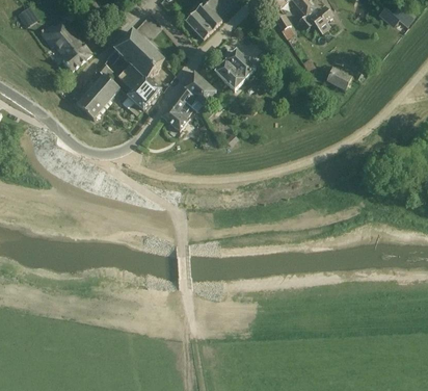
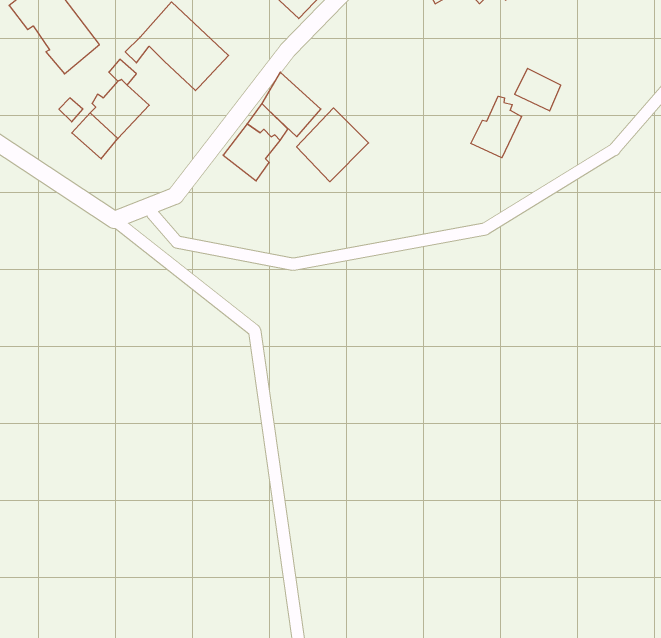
building: [215,50,256,92] -> [297,108,369,182]
building: [116,63,161,110] -> none
building: none -> [471,96,522,158]

